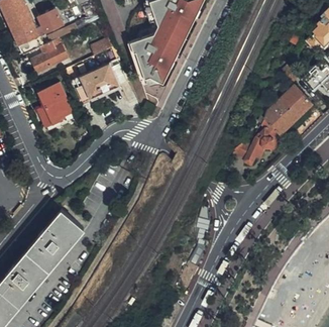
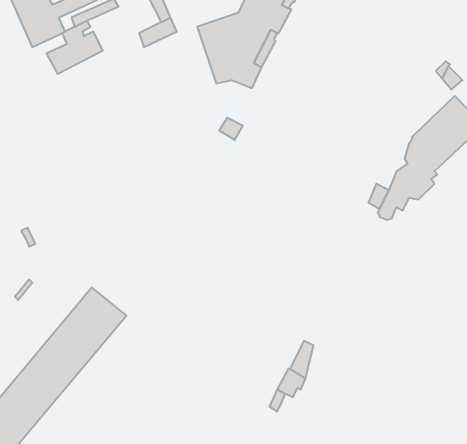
building: [69,59,129,104] -> none
building: [38,83,73,127] -> none

